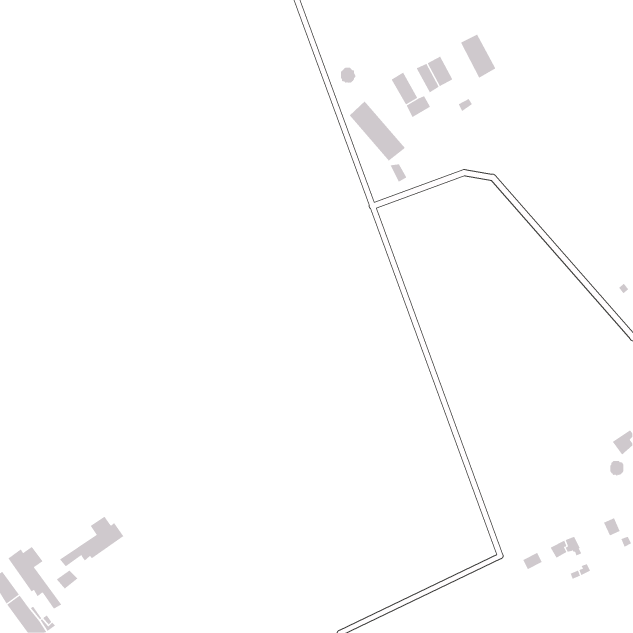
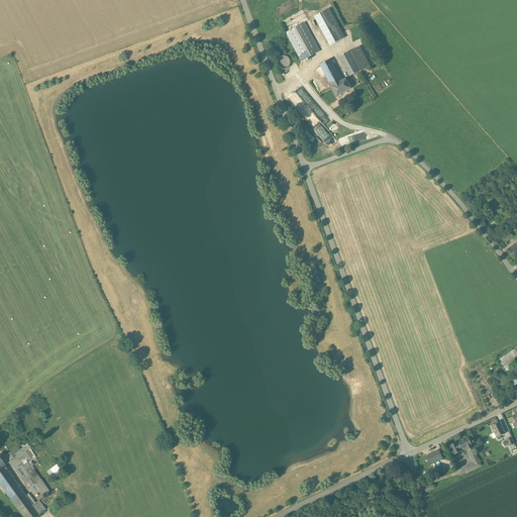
building: none -> [286,21,319,60]
building: [460,34,496,78] -> [314,8,343,44]
building: [59,516,124,567] -> none

